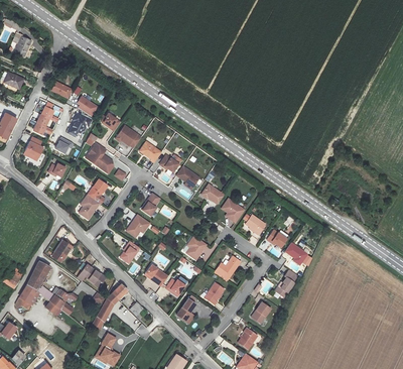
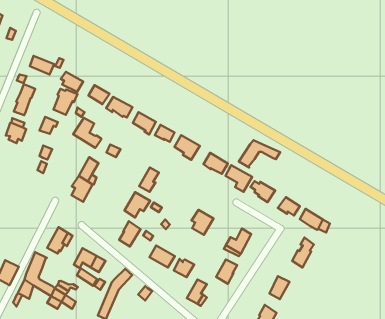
building: none -> [239,140,280,168]

